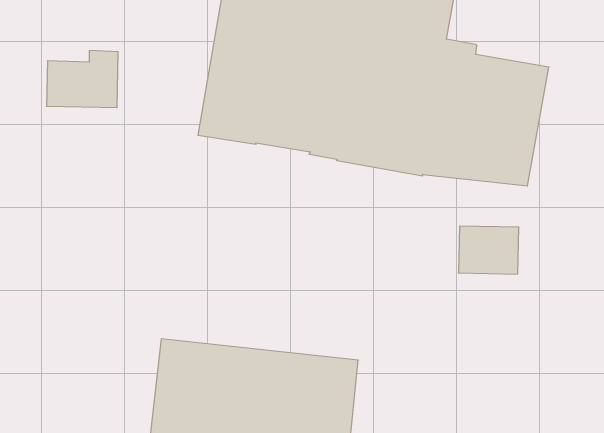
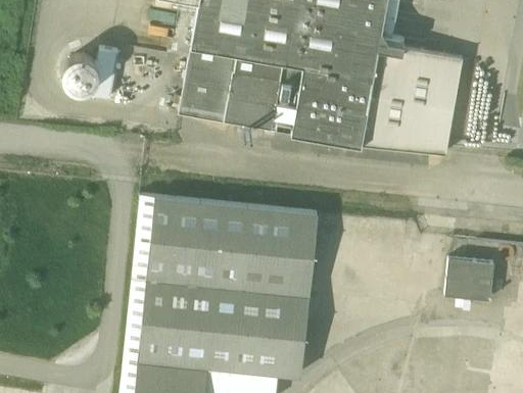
building: [458,226,519,274] -> [441,256,490,295]
building: none -> [149,197,318,295]

